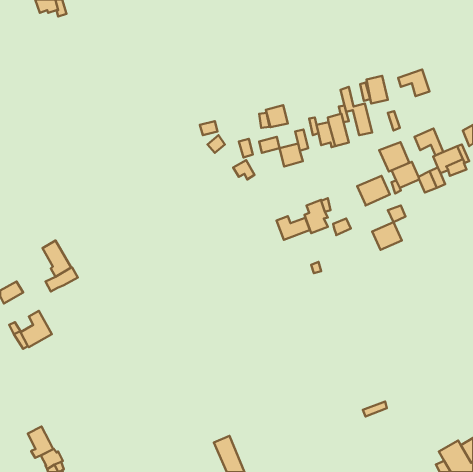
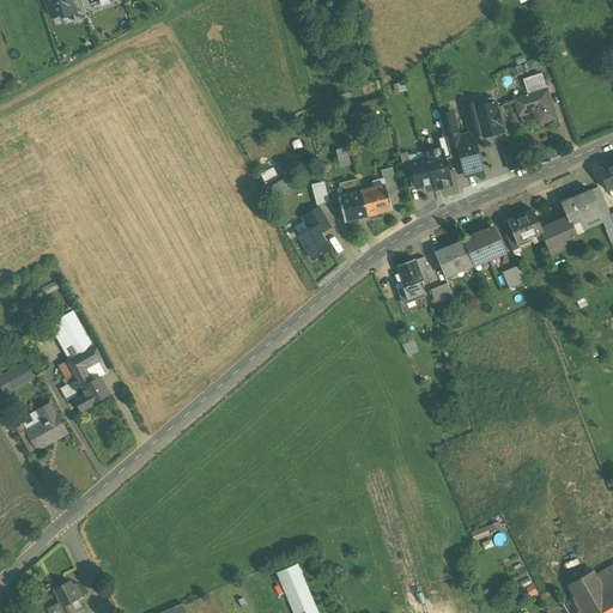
building: [266,105,288,127] -> [339,192,368,220]
building: [414,129,443,155] -> none
building: [379,142,409,171] -> none
building: none -> [298,225,329,259]
building: [277,216,310,240] -> none
building: [372,222,402,250] -> [435,241,473,277]
building: none -> [74,369,109,409]
building: [28,426,53,458] -> none

